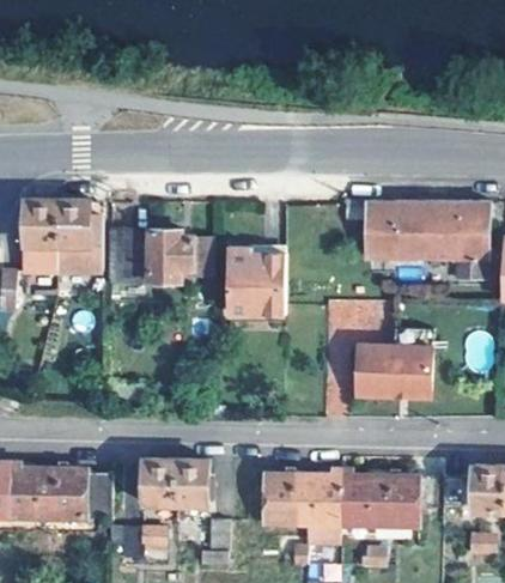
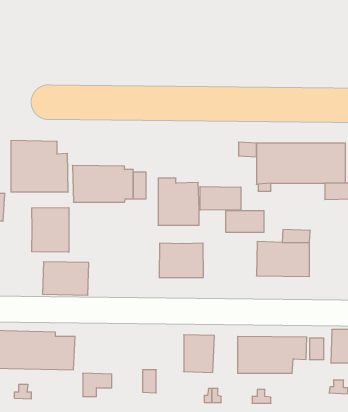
building: none -> [200,186,241,210]
building: none -> [32,208,69,252]
building: none -> [159,243,203,278]
building: [142,458,207,505] -> [43,262,89,295]
building: [304,473,339,526] -> none

